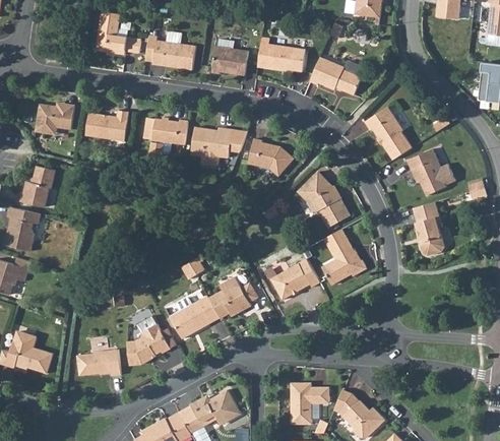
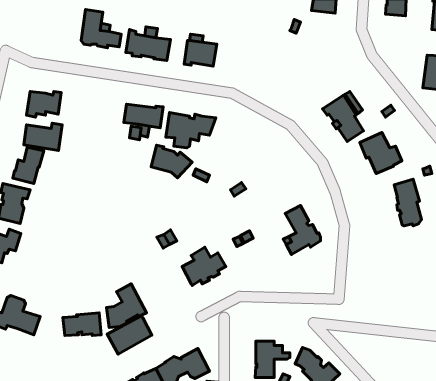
building: [257,39,305,72] -> none
building: [309,58,365,97] -> none
building: [86,111,129,141] -> [24,123,62,150]
building: [248,139,294,176] -> [151,145,192,178]
building: [299,173,350,229] -> none
building: [414,202,444,254] -> [394,179,421,226]
building: [270,261,319,301] -> none
building: [170,297,220,339] -> [107,316,152,354]

